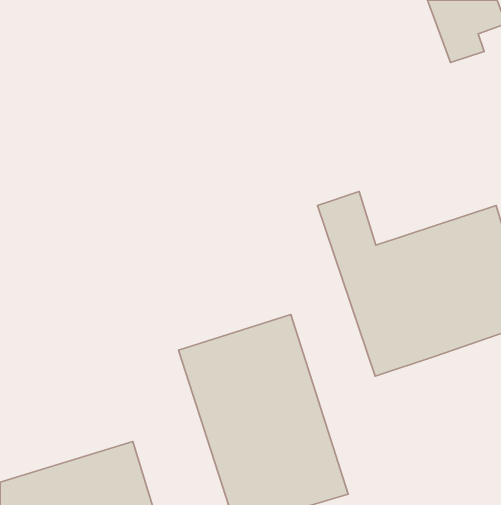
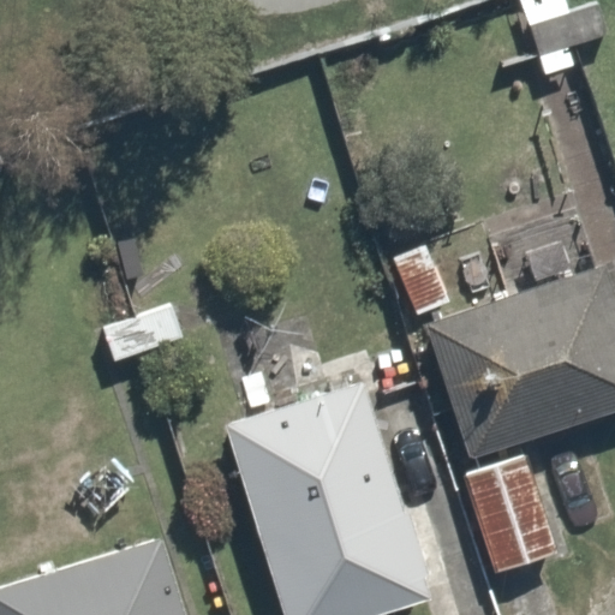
building: none -> [461,434,575,580]

